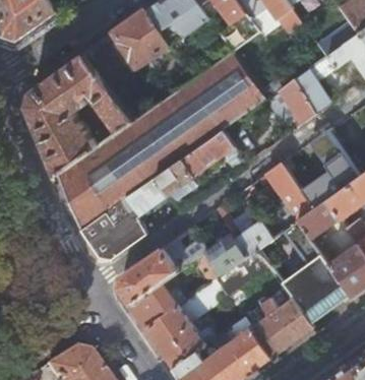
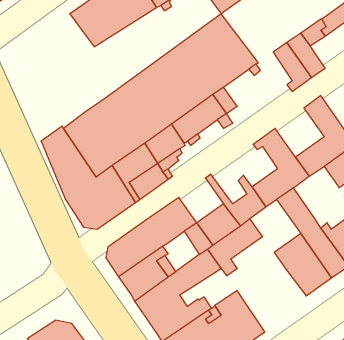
building: [28,52,135,174] -> none
building: [300,198,343,249] -> none
building: [244,296,315,357] -> none

